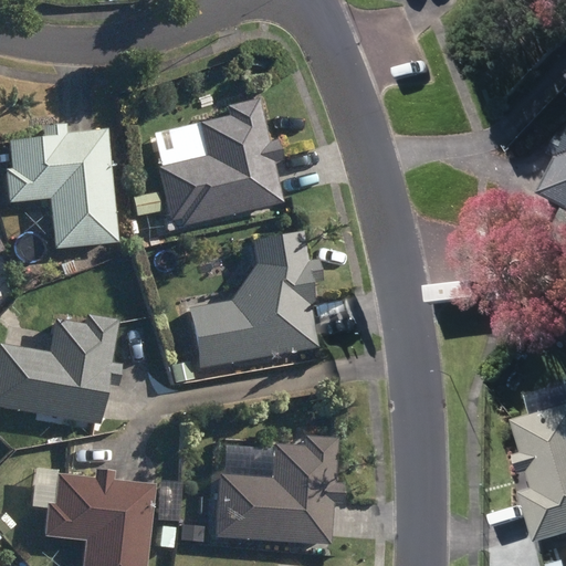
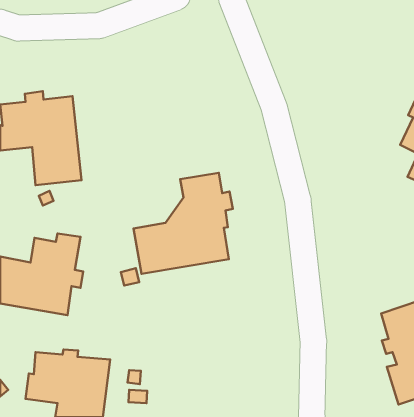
building: [155,97,283,227] -> none
building: [214,436,343,545] -> none

